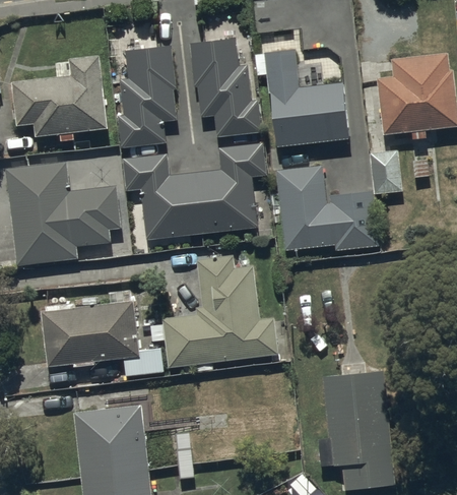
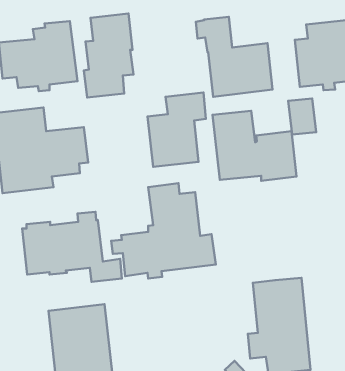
building: [190,38,262,137] -> none
building: [122,153,202,240] -> none

